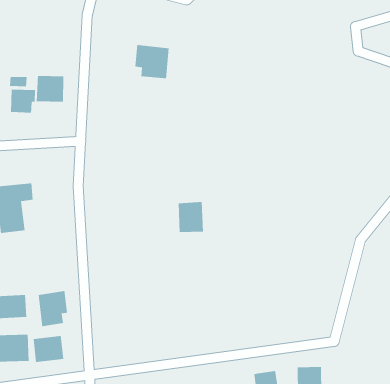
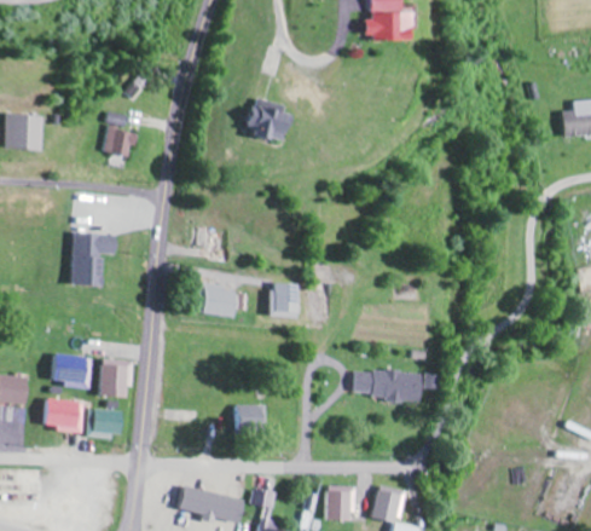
building: [36,75,64,103] -> none
building: none -> [197,283,239,317]
building: none -> [350,370,417,399]
building: none -> [237,405,268,428]

